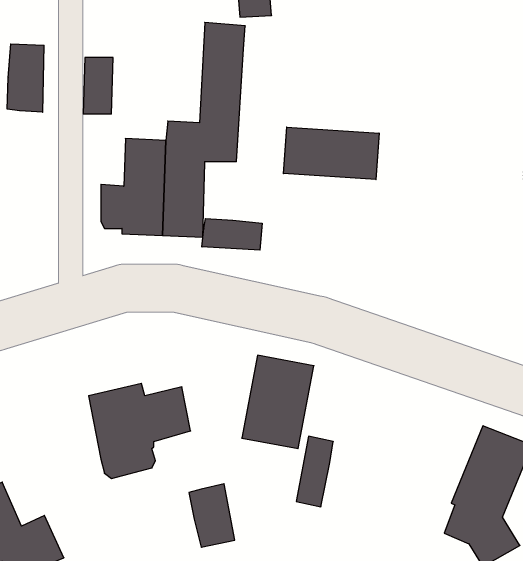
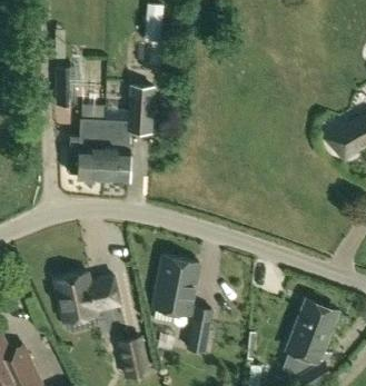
building: [7,44,44,112] -> none
building: [283,127,379,180] -> none
building: [202,219,262,250] -> none

